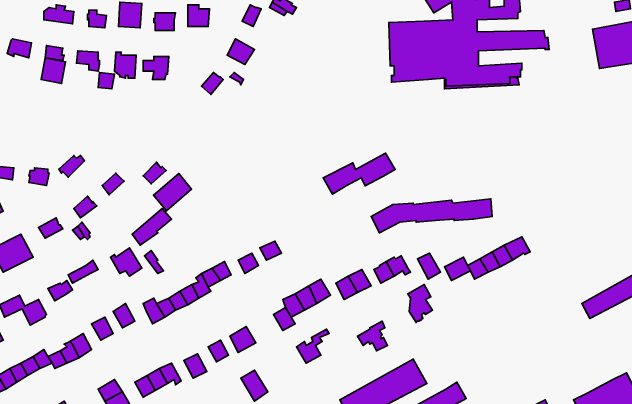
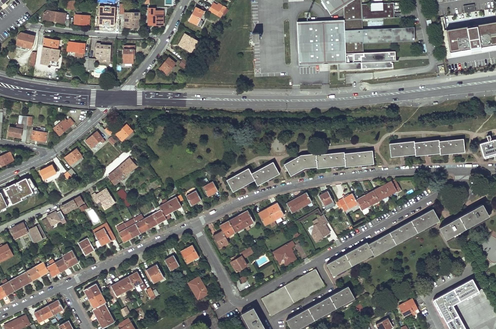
building: [323,153,395,194] -> [226,162,279,192]
building: [154,174,191,211] -> none
building: none -> [389,139,465,157]
building: none -> [326,208,439,276]

